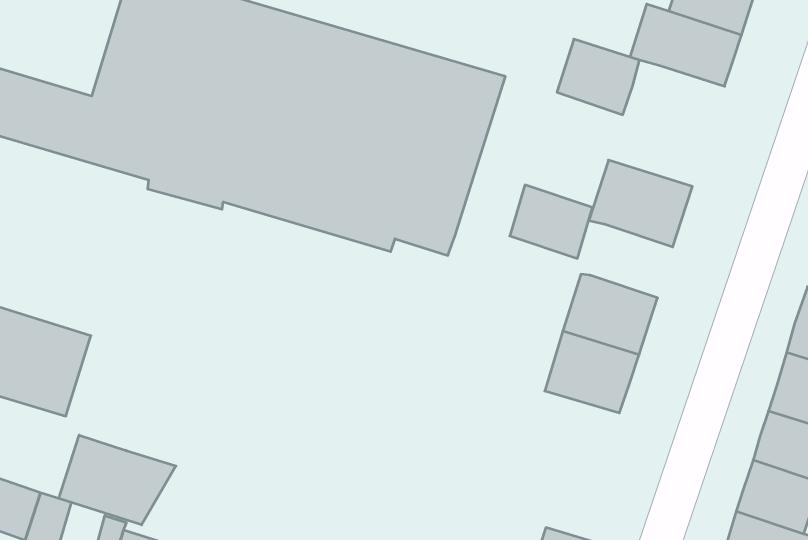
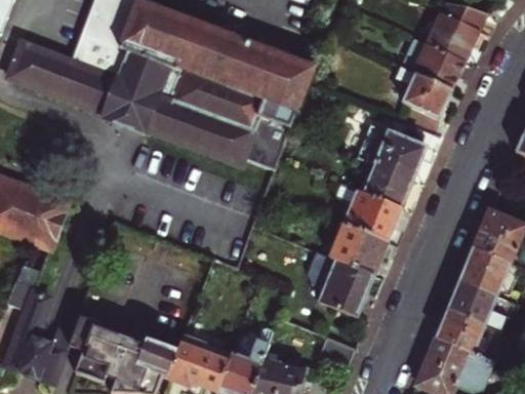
building: [557,39,639,115] -> [400,73,449,119]
building: [510,185,592,258] -> [362,162,411,207]
building: none -> [319,255,372,315]
building: [59,435,176,525] -> none

